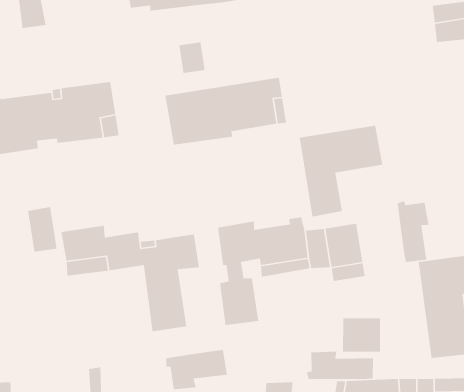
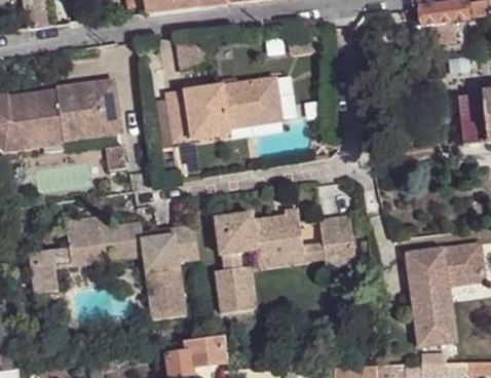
building: [299,125,383,218] -> none
building: [397,200,430,263] -> none
building: [27,206,57,252] -> [29,251,58,295]
building: [342,317,381,353] -> none
building: [306,351,374,380] -> none

